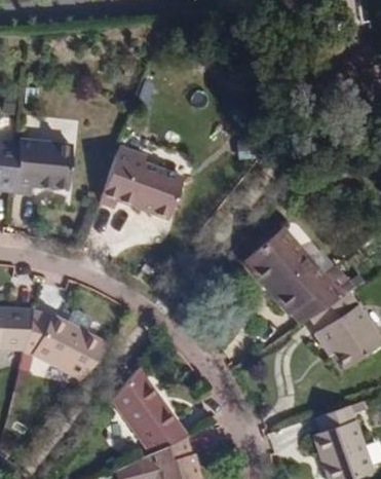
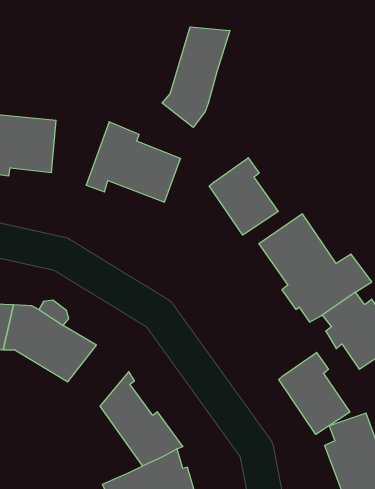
building: none -> [162,27,230,127]
building: none -> [209,158,278,235]
building: none -> [279,352,350,434]

